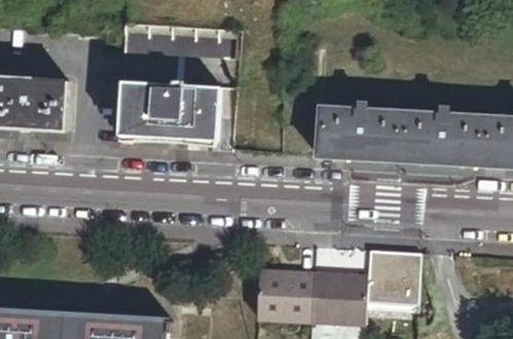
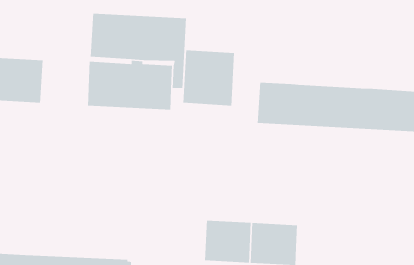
building: none -> [183,49,235,107]
building: [365,250,418,305] -> none

